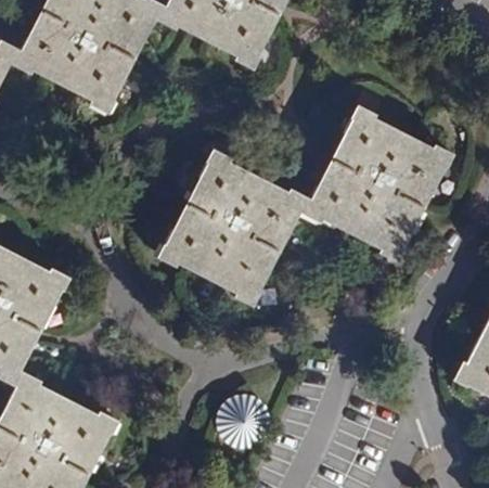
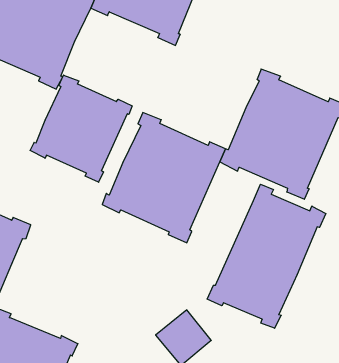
building: none -> [30,75,132,182]
building: none -> [207,184,326,328]

